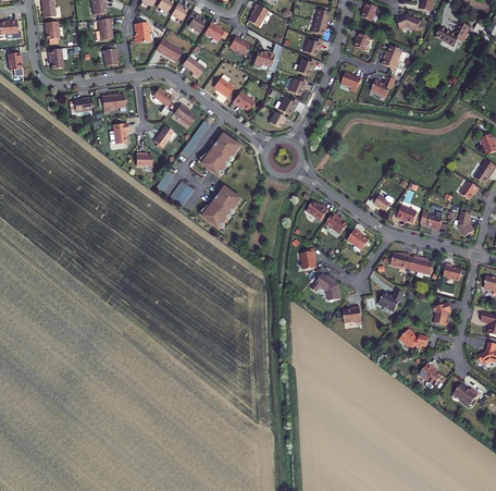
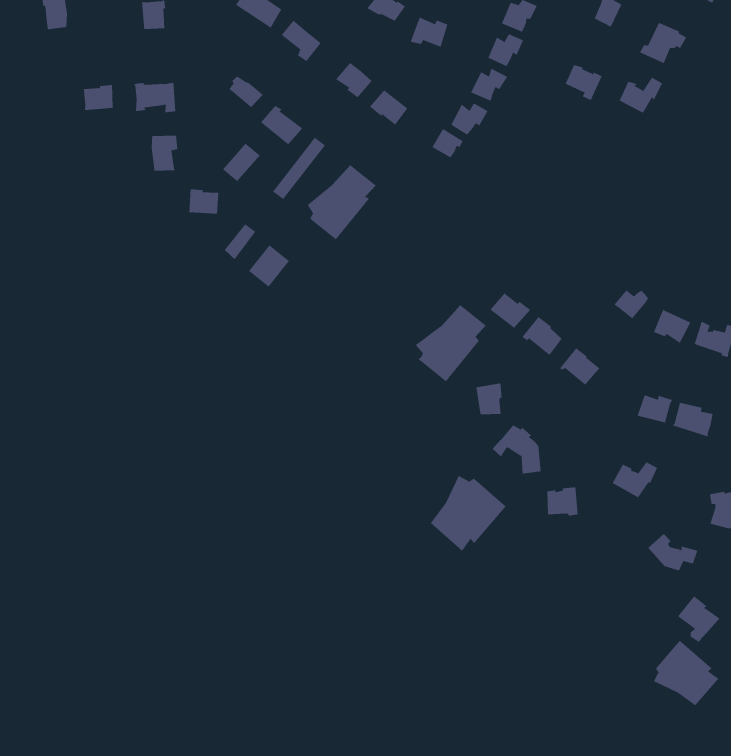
building: [201,186,240,230] -> [415,304,487,382]
building: none -> [430,475,507,551]
building: none -> [653,640,719,706]

